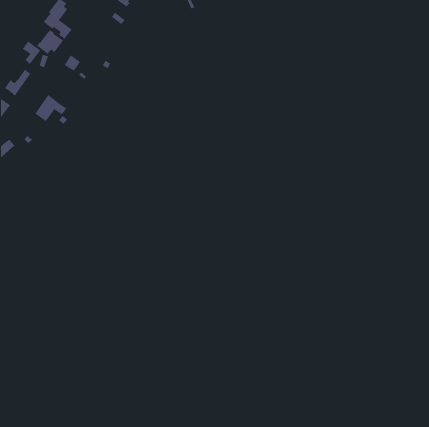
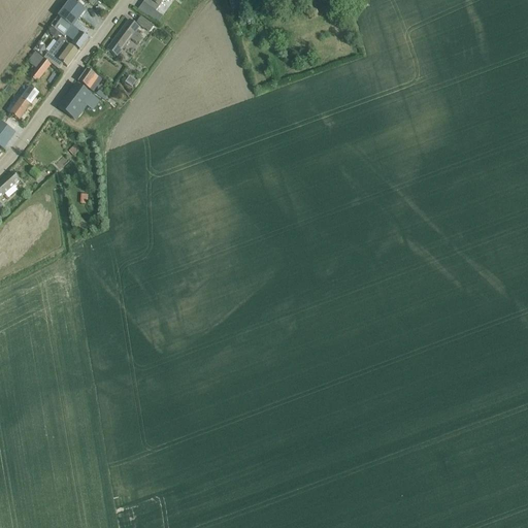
building: none -> [108,19,141,55]
building: [34,94,67,122] -> [60,82,100,117]

